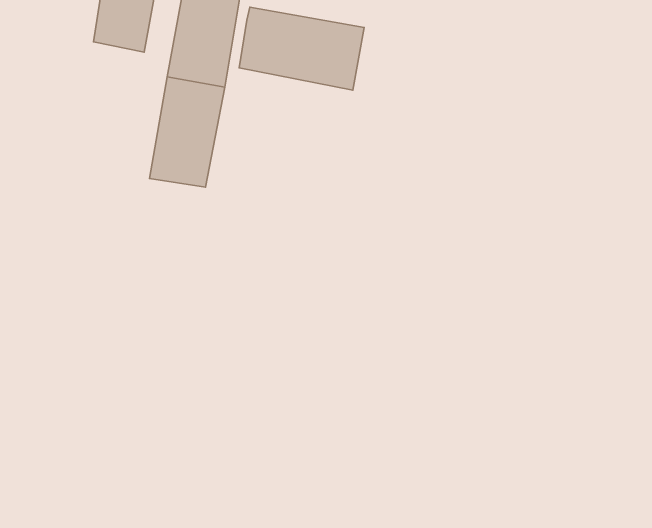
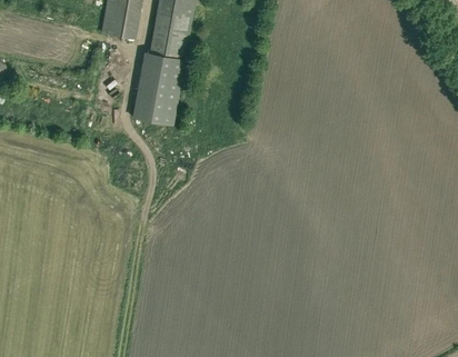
building: [239,7,364,90] -> none

